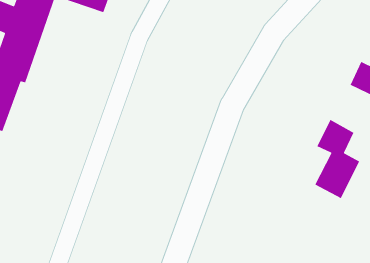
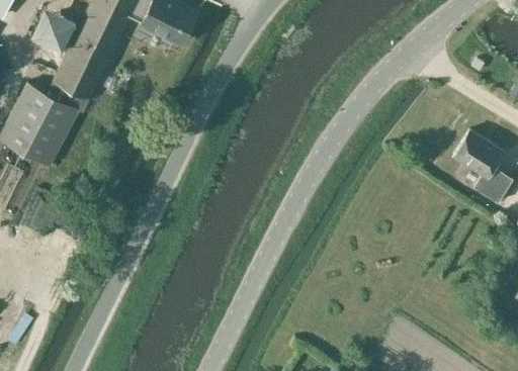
building: [314,119,360,199] -> none

